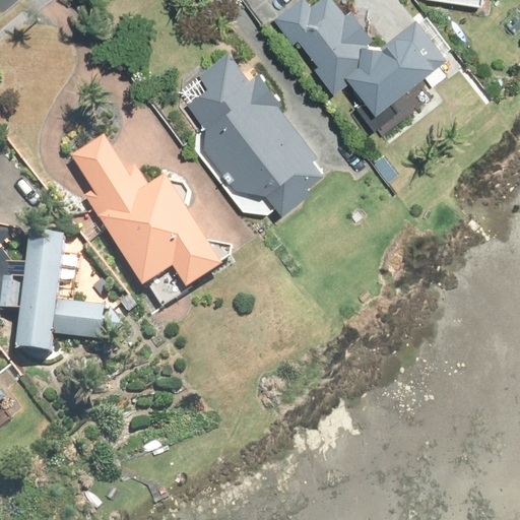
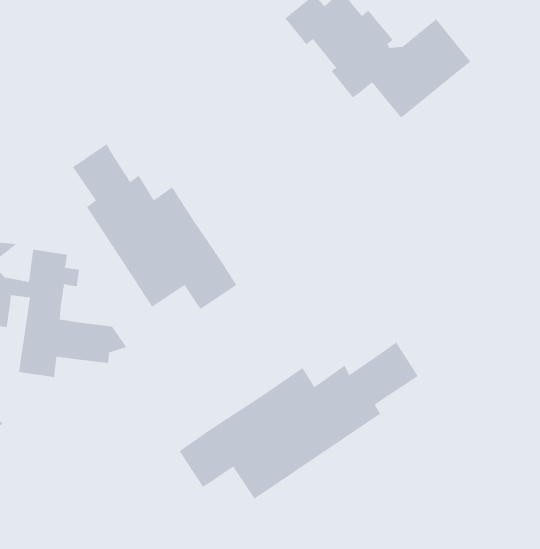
building: [185,50,325,212] -> none
building: none -> [179,342,418,499]

